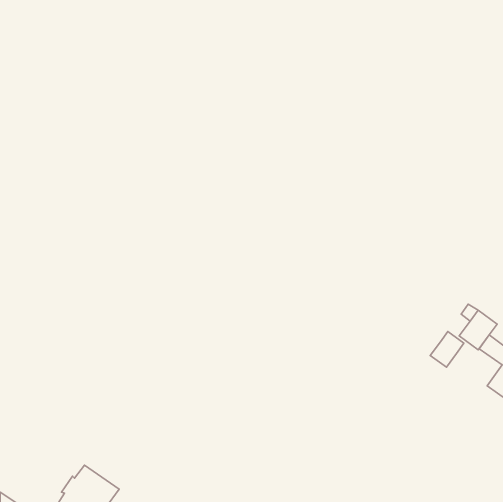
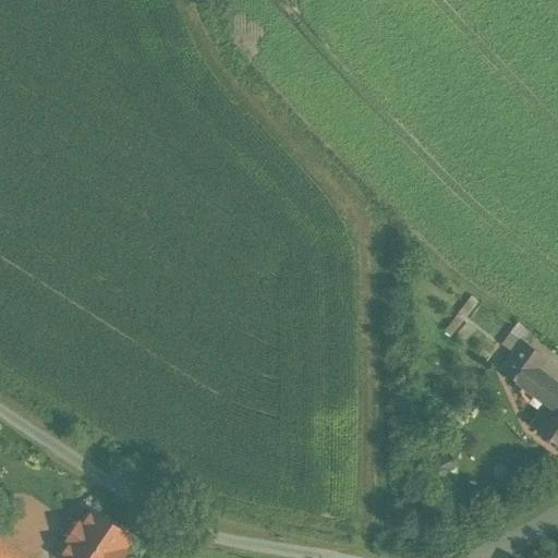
building: [430,332,464,367] -> none

